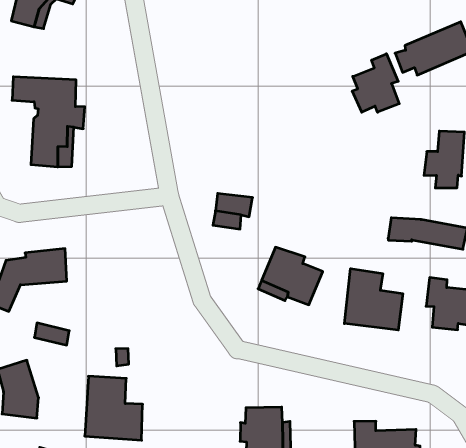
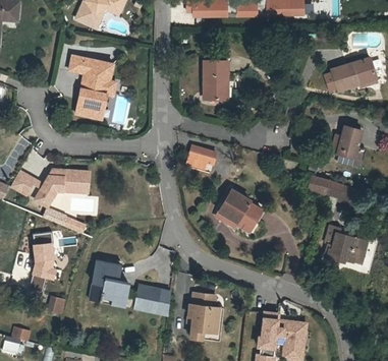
building: [352,54,399,112] -> none
building: none -> [202,63,229,104]
building: [344,269,403,330] -> none
building: none -> [131,284,169,310]

